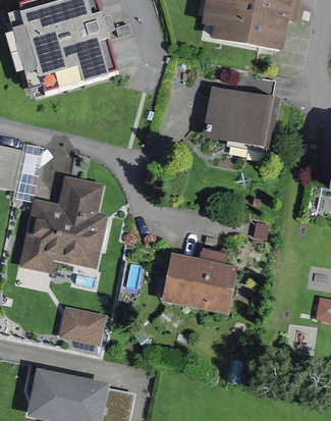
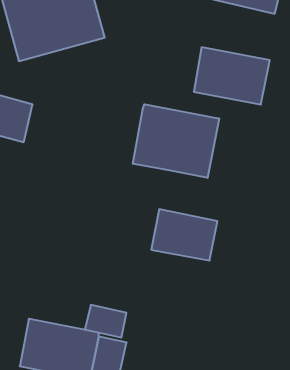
building: none -> [133,104,219,178]
building: [19,172,108,270] -> none
building: [56,307,99,340] -> [85,305,126,338]

